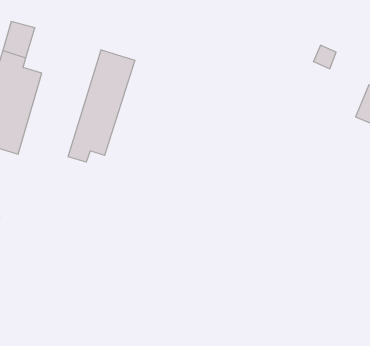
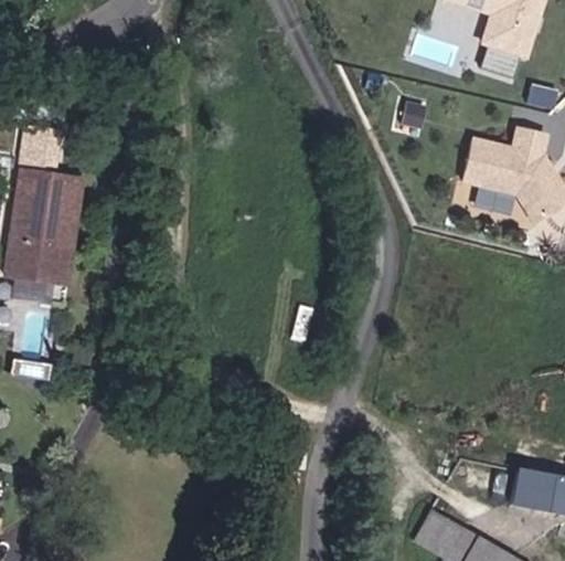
building: [68,50,135,162] -> none

